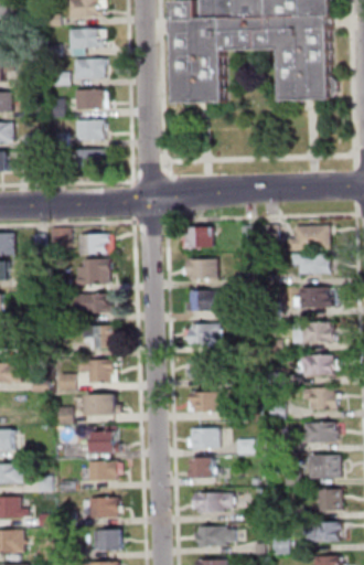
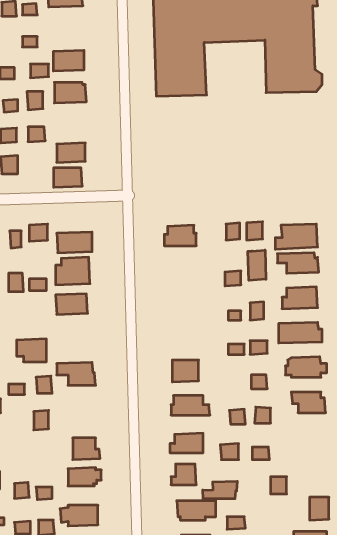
building: [71,29,105,47] -> none
building: [77,120,105,139] -> [54,168,82,187]
building: none -> [248,250,266,280]
building: [186,259,217,279] -> none
building: [191,289,222,310] -> none
building: [189,324,220,343] -> none
building: [84,326,113,348] -> [17,339,46,362]
building: [85,394,116,416] -> none
building: [298,423,335,444] -> none
building: [311,455,341,480] -> none
building: none -> [203,481,237,499]

